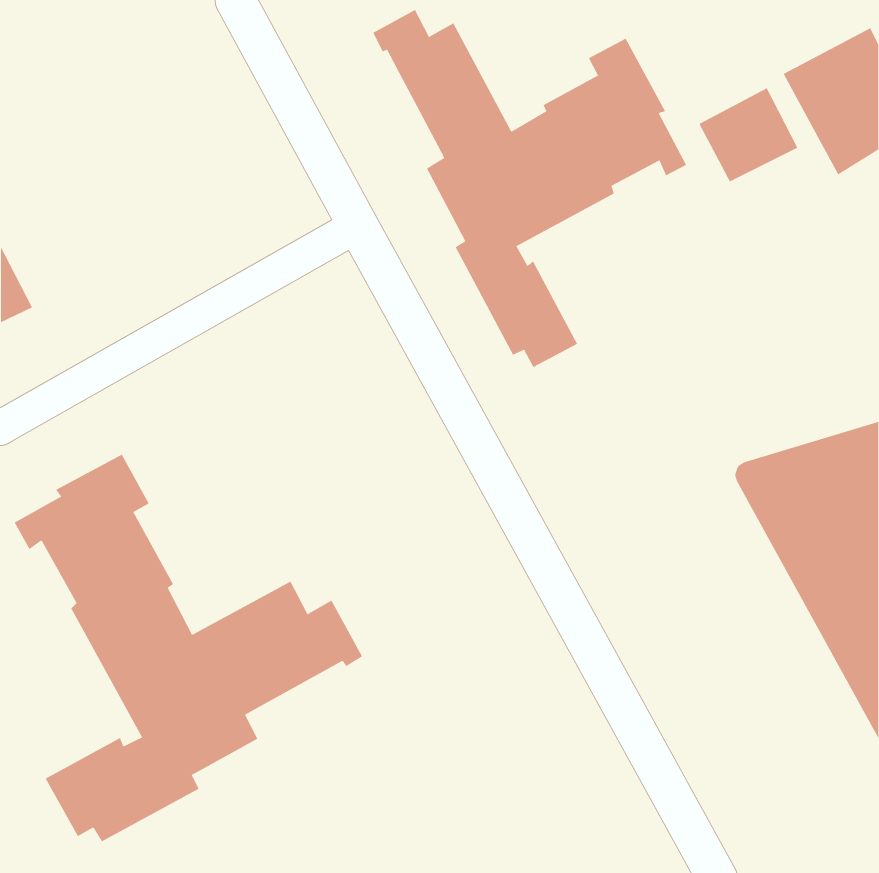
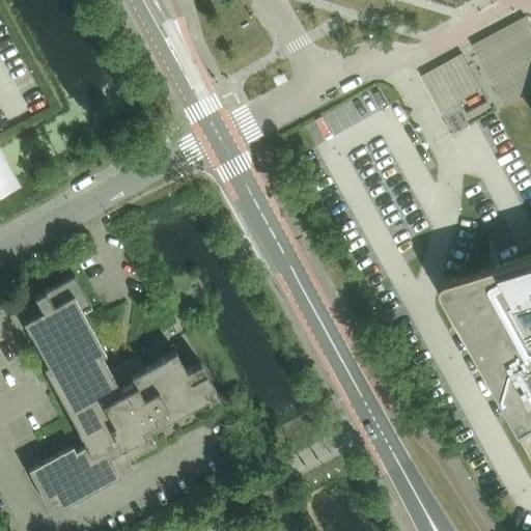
building: [372,9,687,368] -> none

